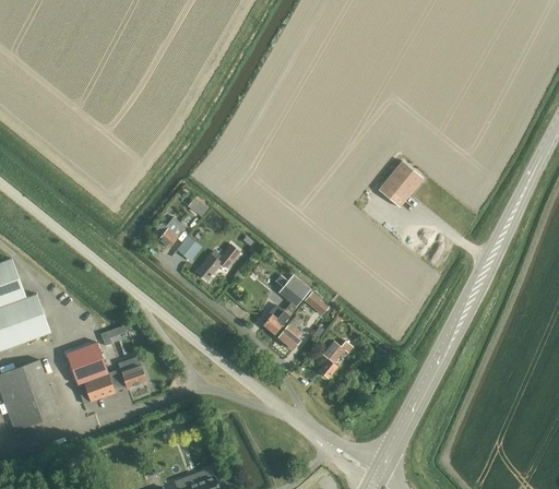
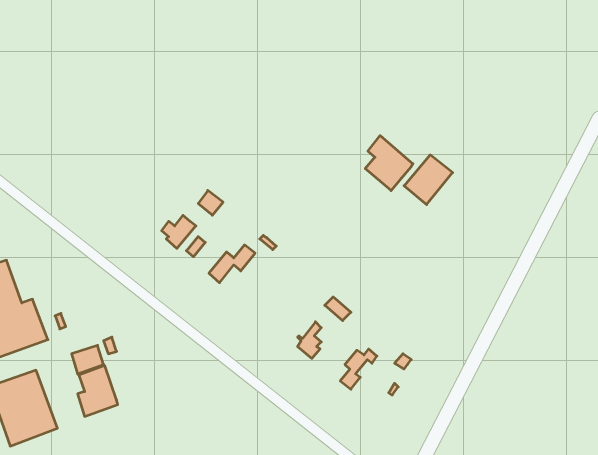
building: none -> [365,136,413,191]
building: [263,275,309,338] -> none
building: [107,362,145,387] -> none

